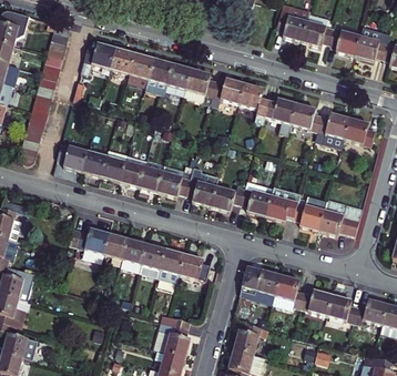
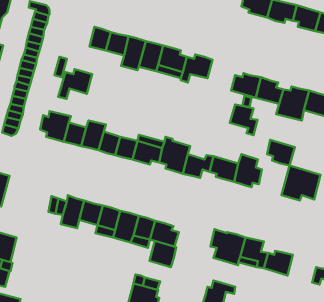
building: [81,42,118,74] -> [58,69,92,99]
building: [240,83,269,116] -> [230,105,258,135]
building: [295,202,325,230] -> [267,140,295,166]
building: none -> [150,241,176,267]
building: [326,294,357,324] -> none

